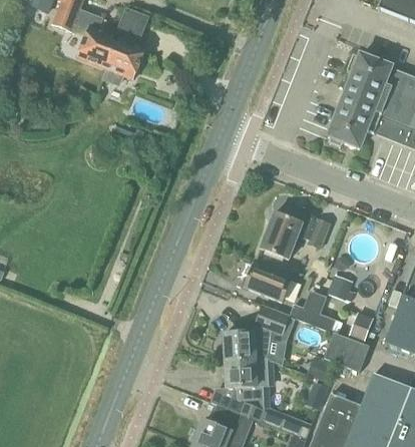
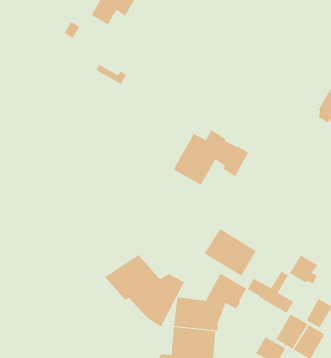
building: [261,206,330,261] -> [173,130,249,186]
building: none -> [104,254,185,327]

